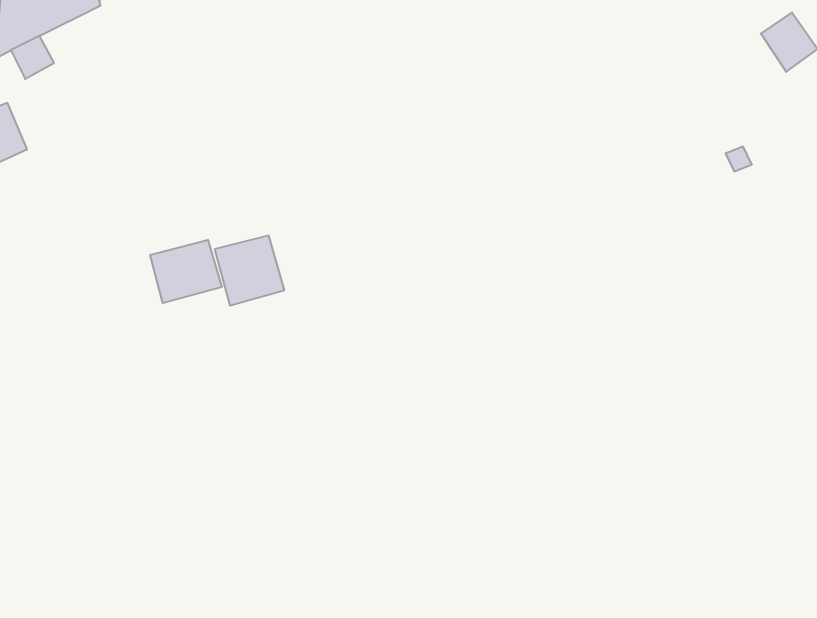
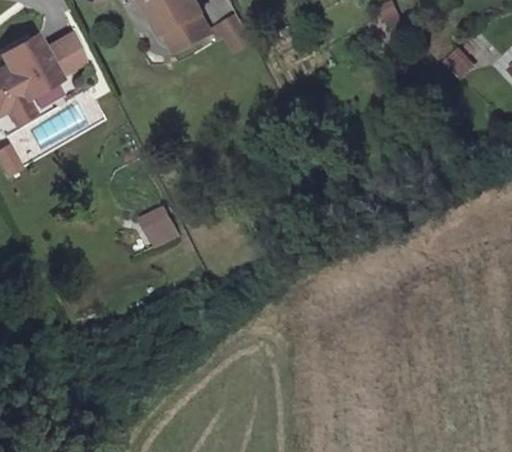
building: [150,240,222,303] -> none

